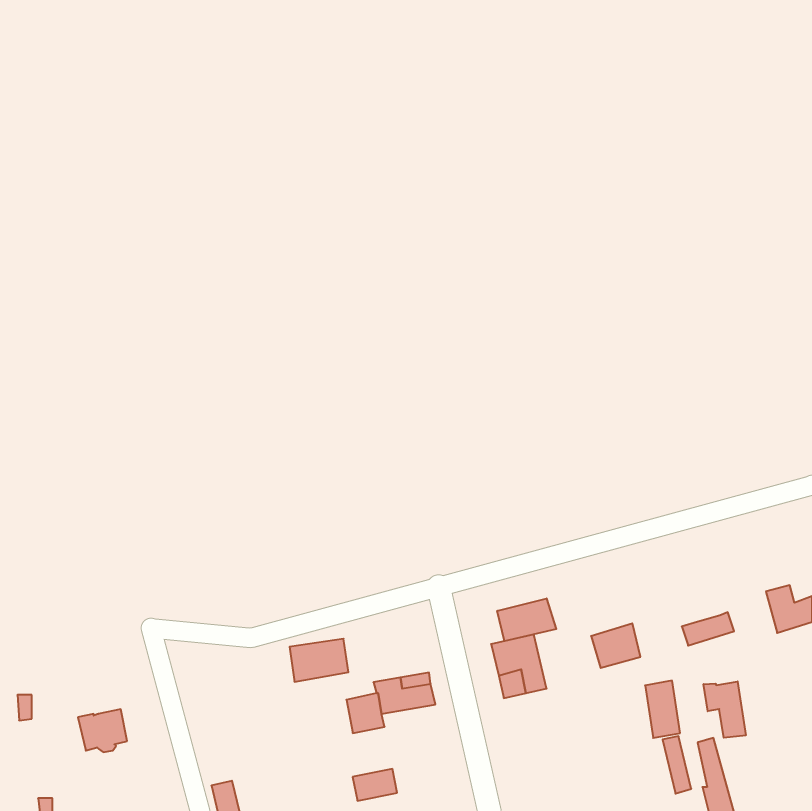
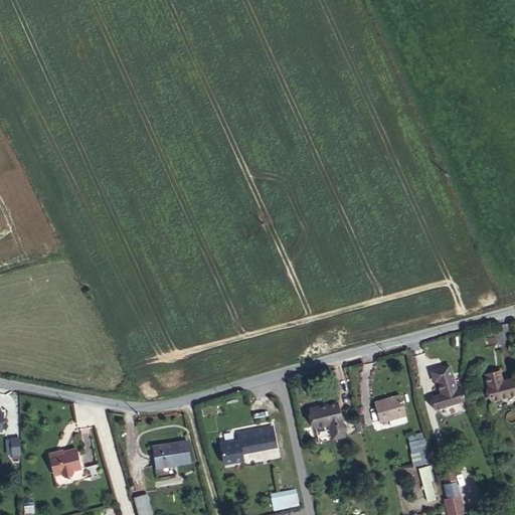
building: none -> [432,366,456,394]
building: [497,598,556,641] -> none
building: [290,639,348,682] -> [153,442,190,469]
building: [704,681,746,738] -> none
building: [353,769,397,801] -> [271,490,299,510]

